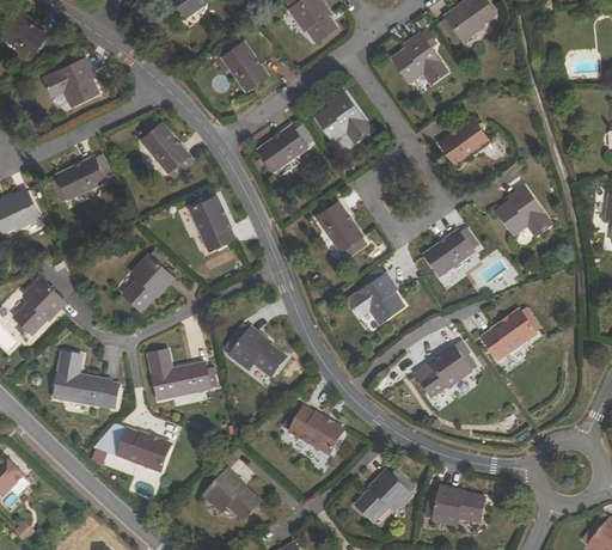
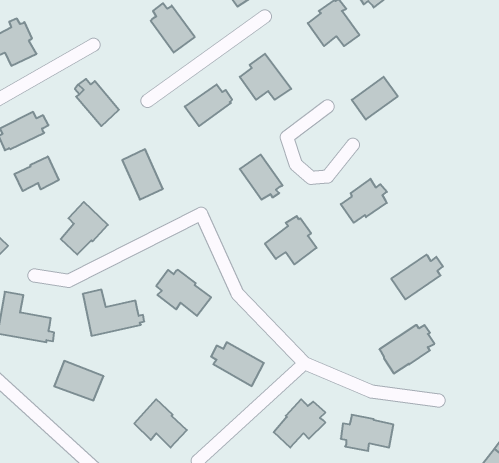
building: [496,184,552,237] -> none
building: none -> [14,156,59,191]
building: [414,344,473,397] -> [379,325,434,373]

